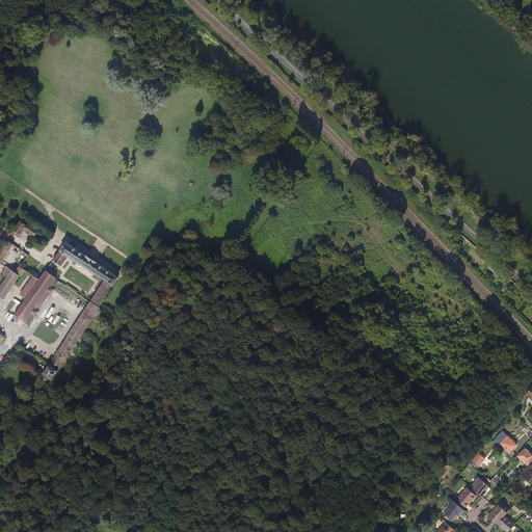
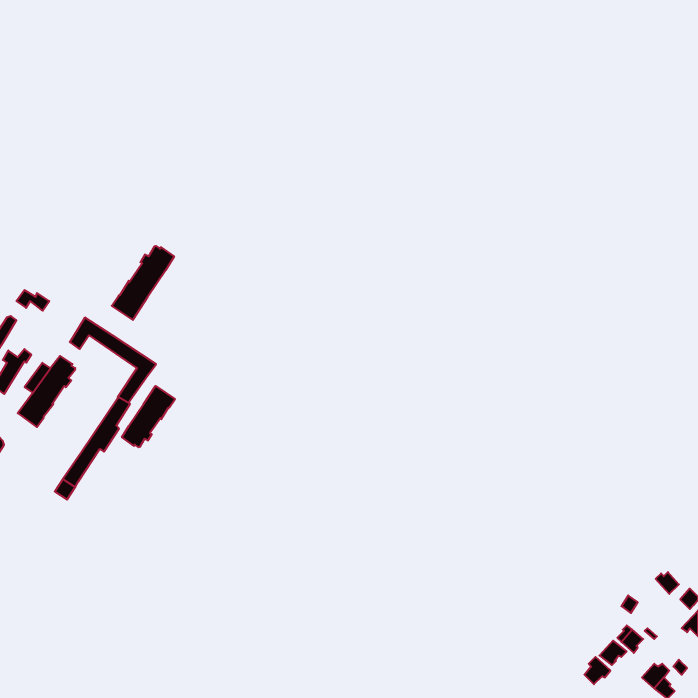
building: none -> [112,246,174,320]
building: none -> [122,386,175,447]

